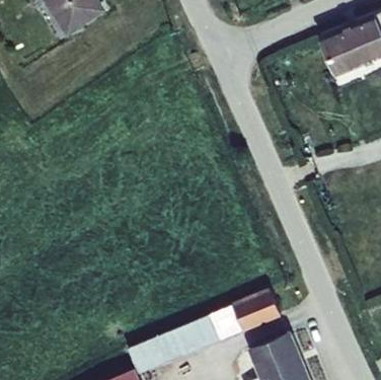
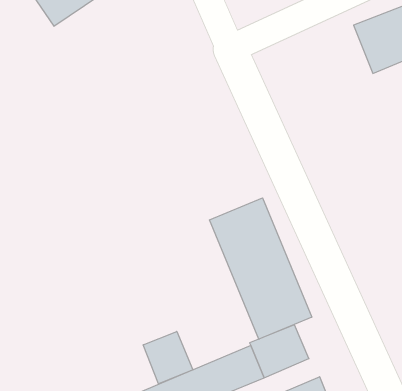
building: none -> [209,198,312,339]
building: none -> [143,331,193,384]

